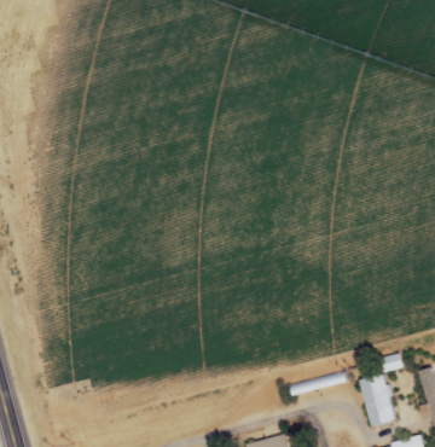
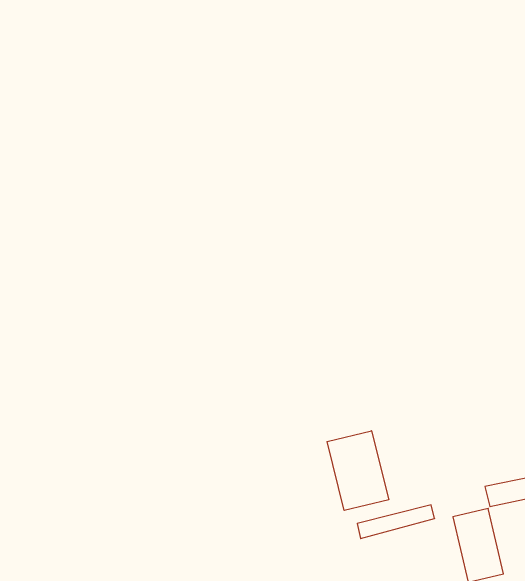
building: none -> [327,431,389,510]

